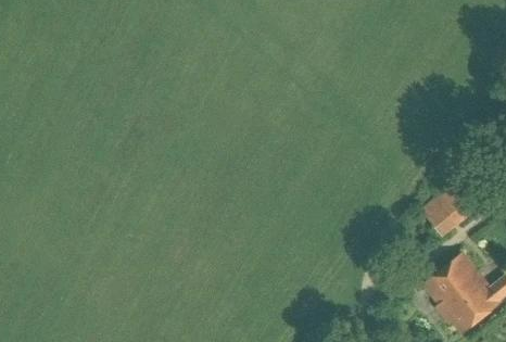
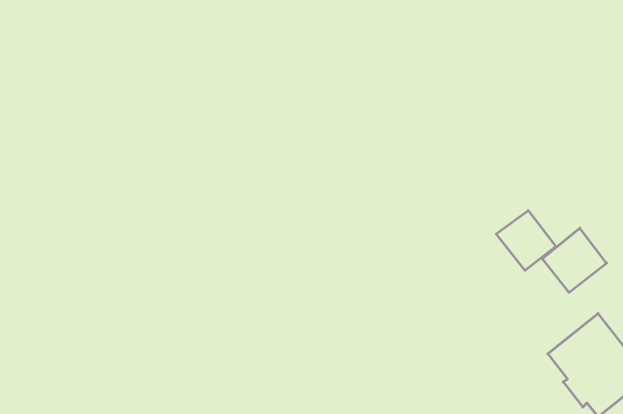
building: none -> [496,211,556,270]

